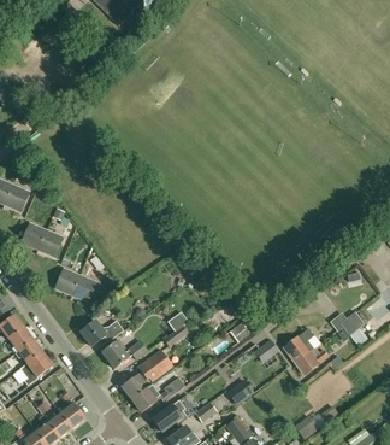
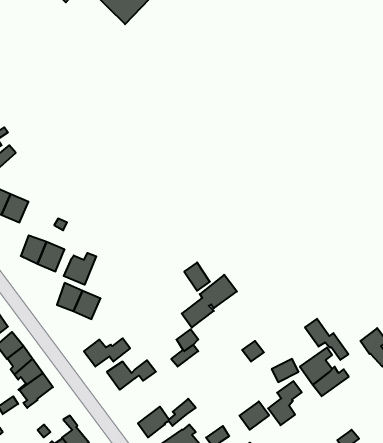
building: none -> [64,253,96,285]
building: none -> [305,319,348,360]
building: [122,350,173,399] -> [182,275,237,328]
building: none -> [268,381,302,425]

